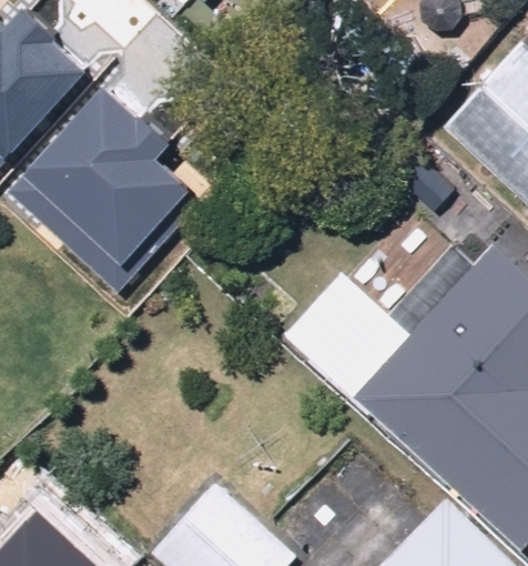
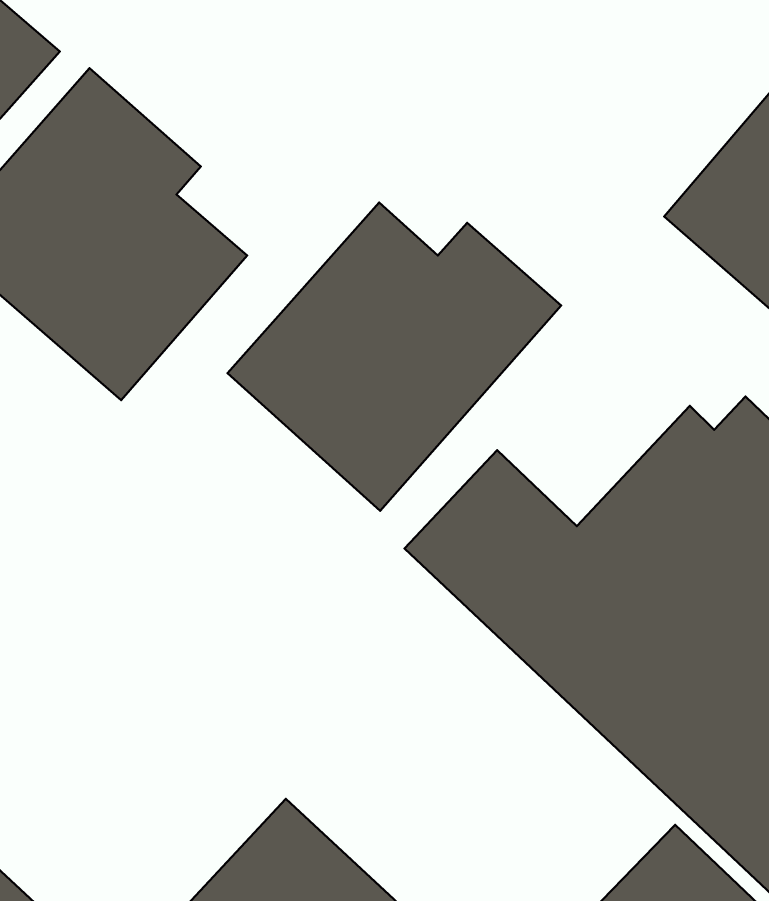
building: none -> [228,203,561,511]

